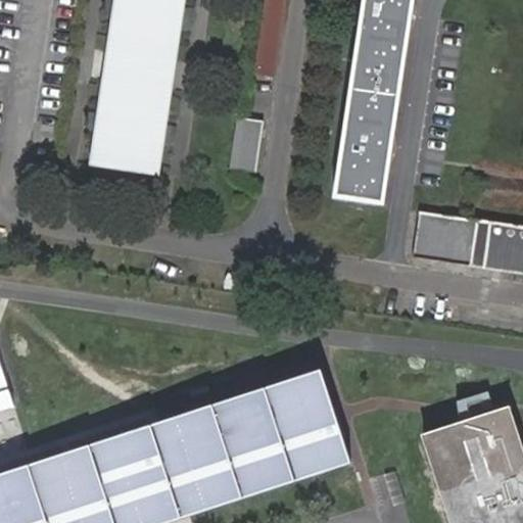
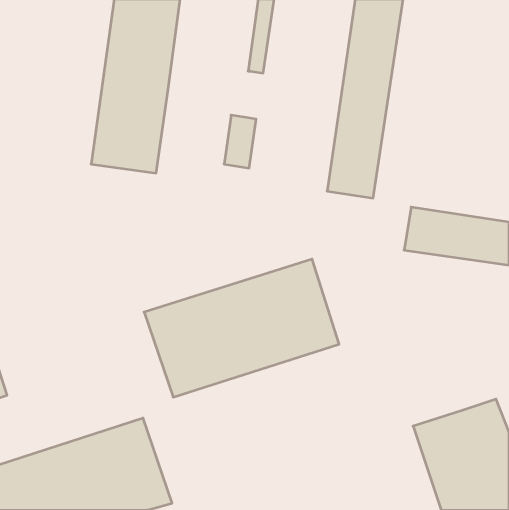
building: [146,373,345,514] -> [144,259,339,397]

